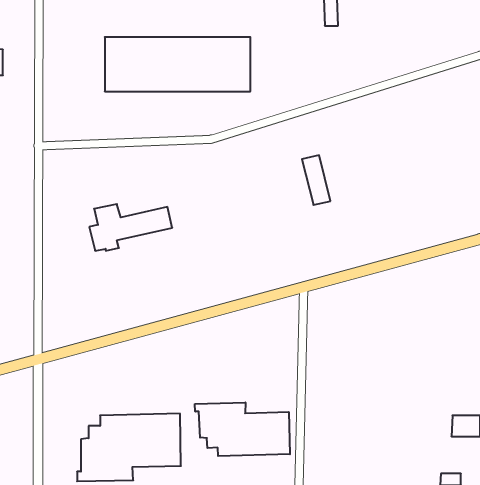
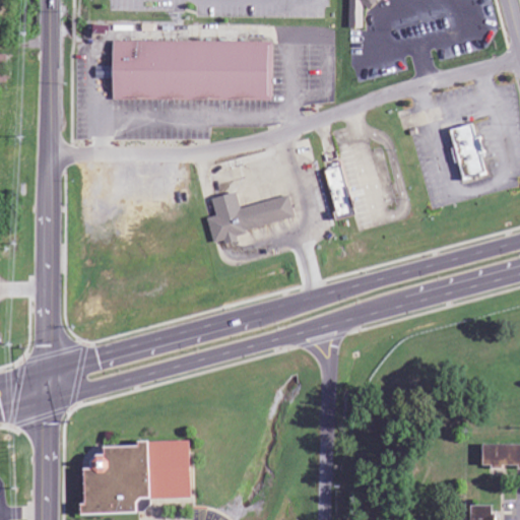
building: none -> [448,122,484,179]
building: [89,204,172,251] -> [204,192,292,242]
building: [195,402,290,456] -> none

